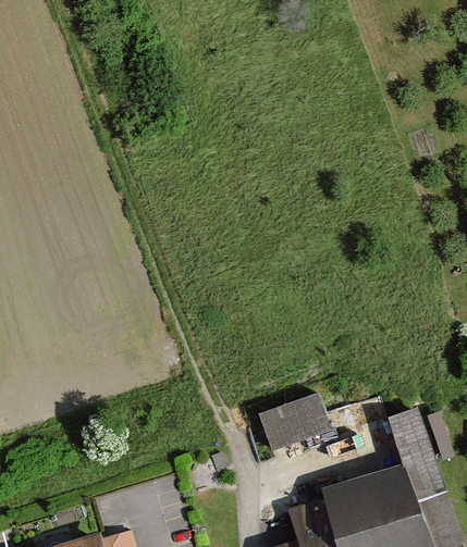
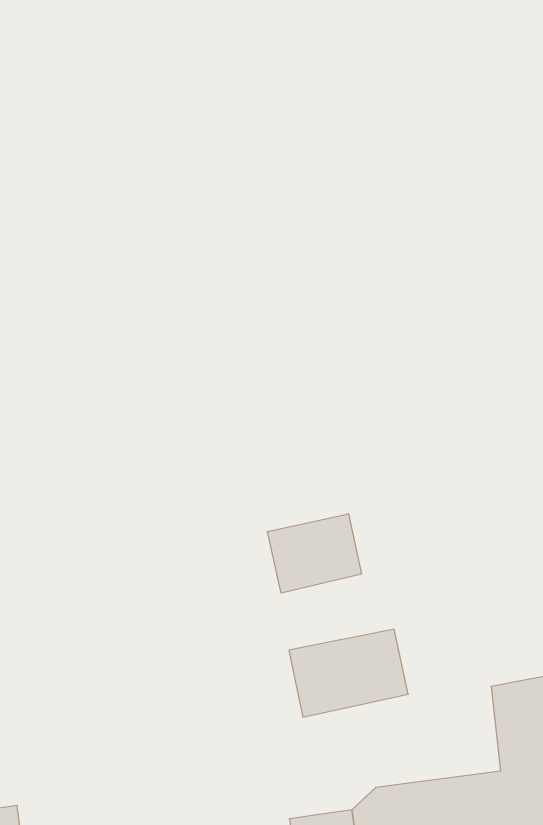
building: none -> [267,514,362,593]

